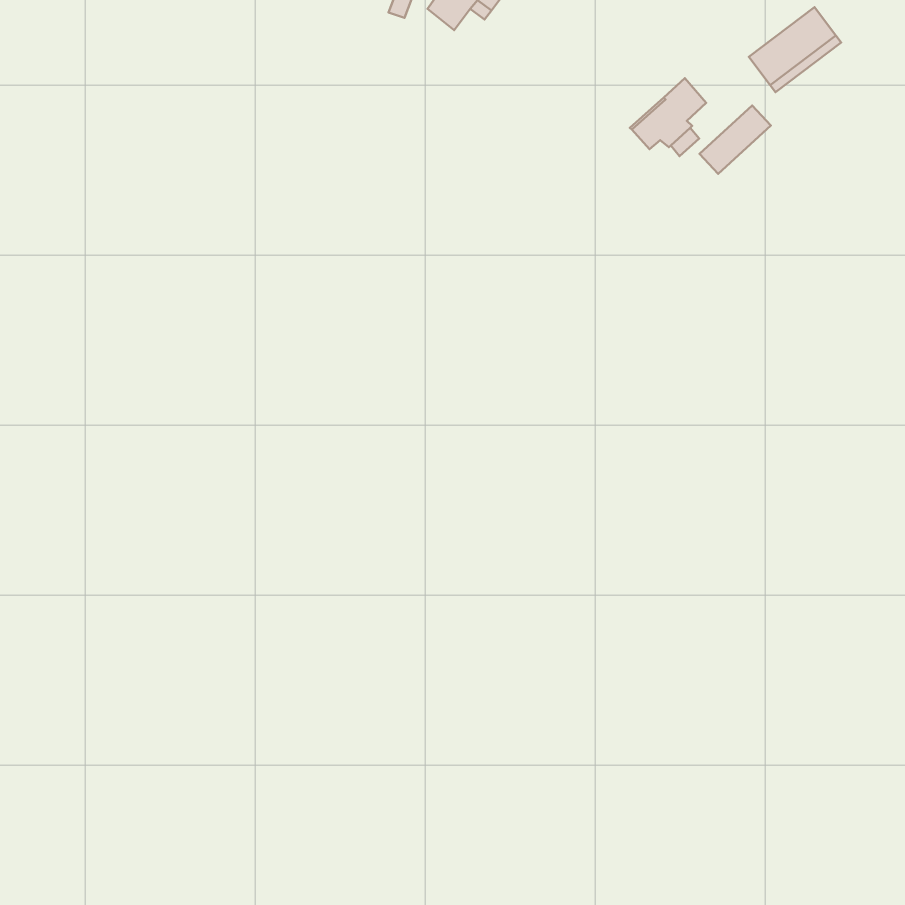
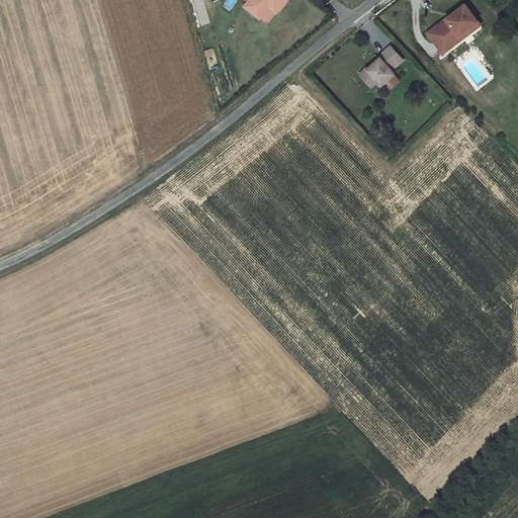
building: [700,105,771,174] -> none

